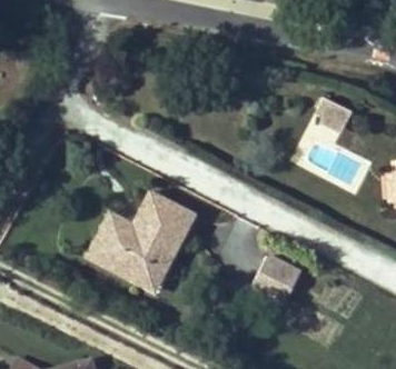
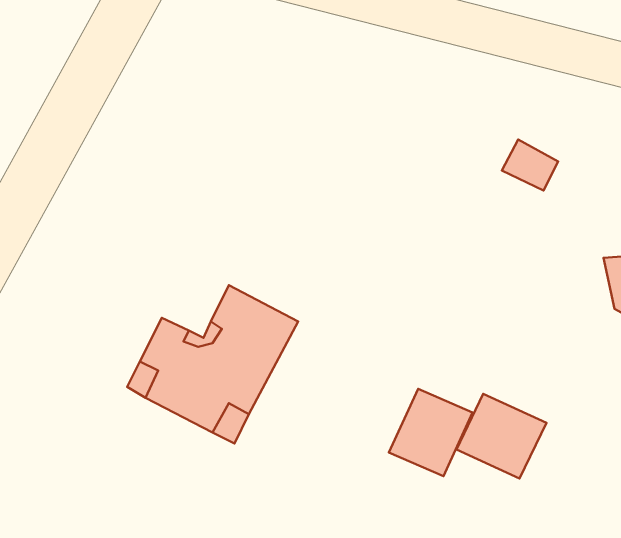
building: none -> [456,394,546,478]

